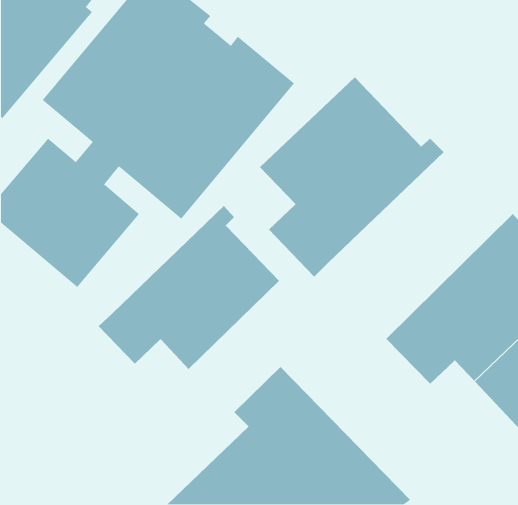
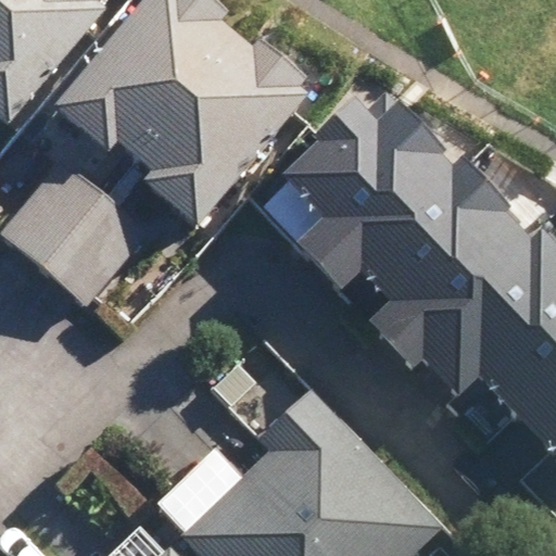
building: none -> [353,162,549,371]
building: [98,205,280,370] -> none

